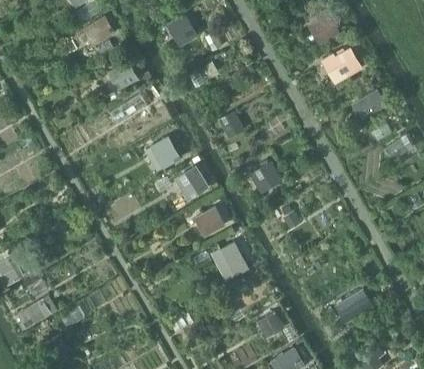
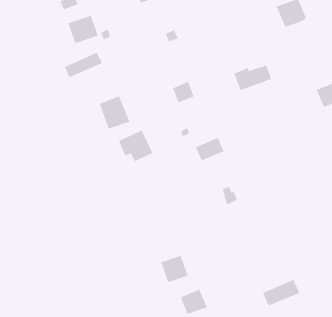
building: [323,48,361,77] -> [234,65,272,91]
building: [193,207,225,237] -> none
building: [210,241,249,281] -> none

